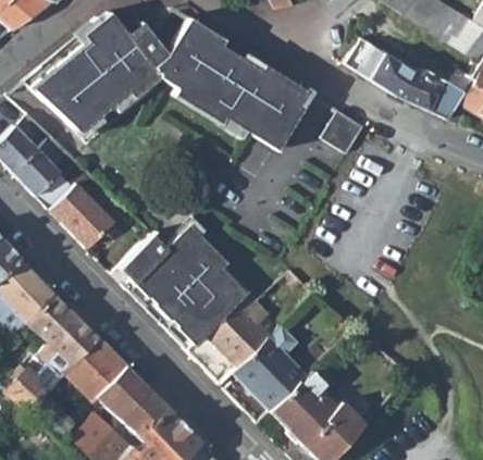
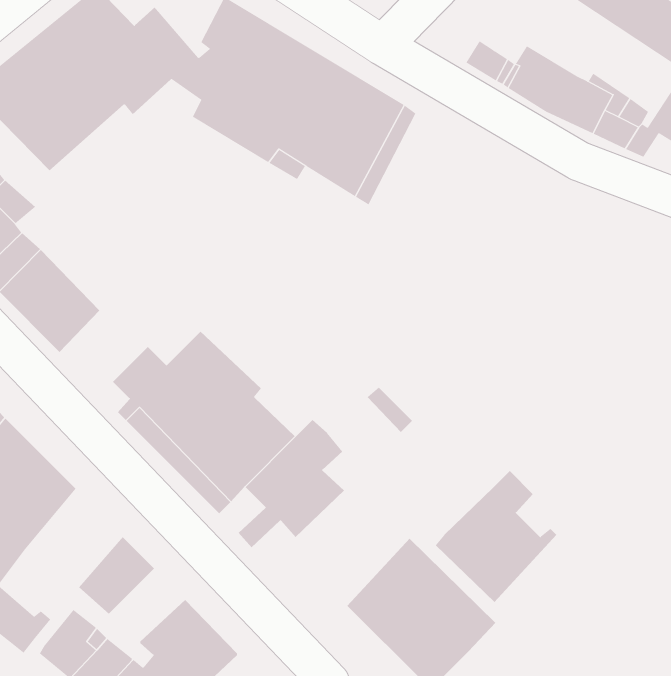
building: [321,111,363,154] -> none
building: [232,325,310,410] -> [435,470,557,603]
building: [64,335,126,402] -> none
building: [117,386,166,434] -> none

